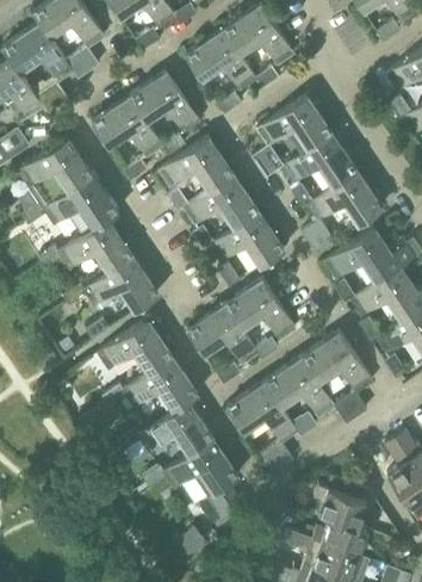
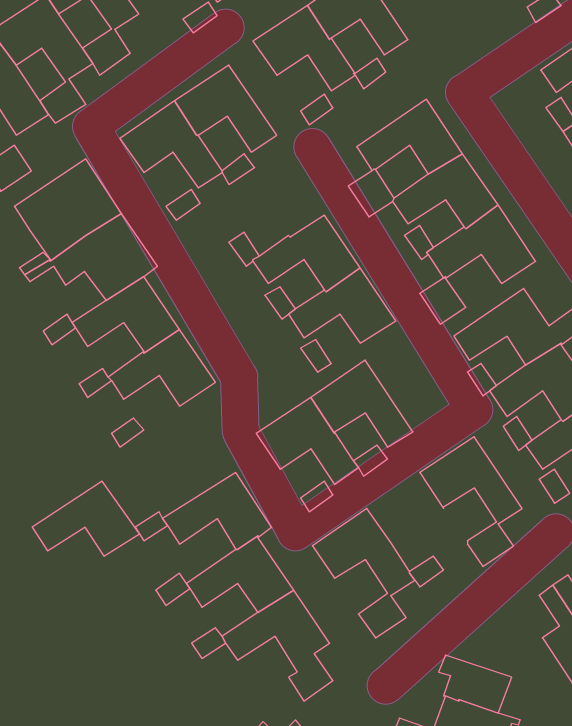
building: [160,138,235,192] -> none
building: [98,320,173,372] -> [32,481,140,556]
building: [265,357,335,417] -> none

